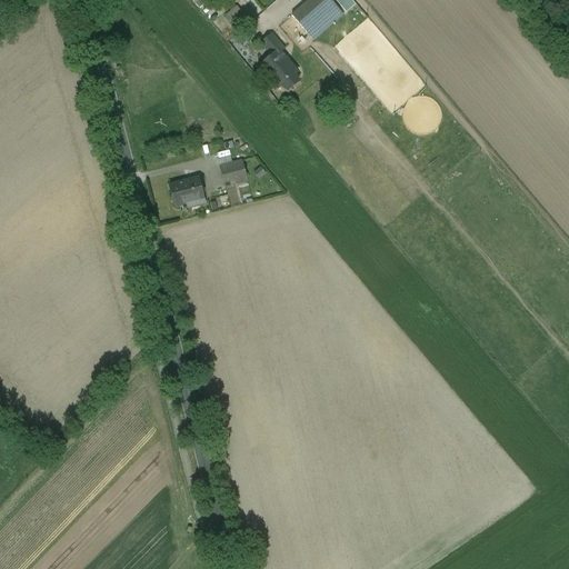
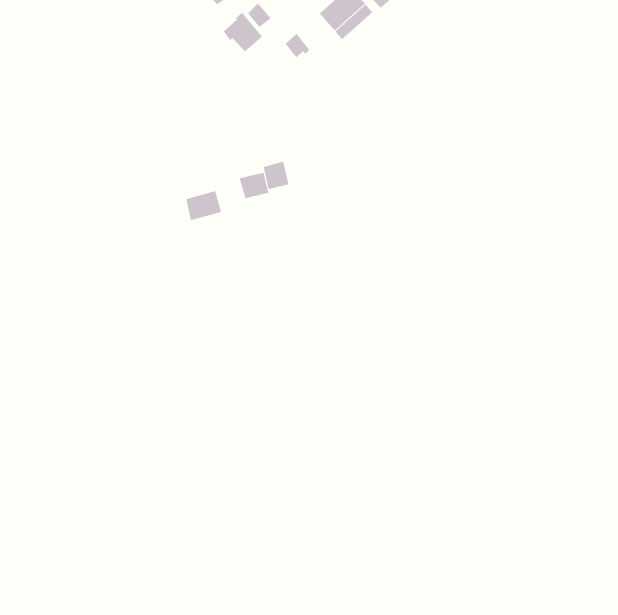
building: [261,48,298,84] -> [223,12,263,52]
building: none -> [263,161,289,190]

